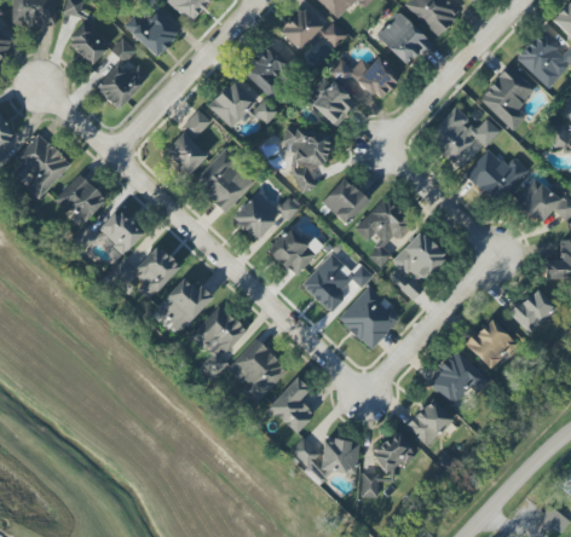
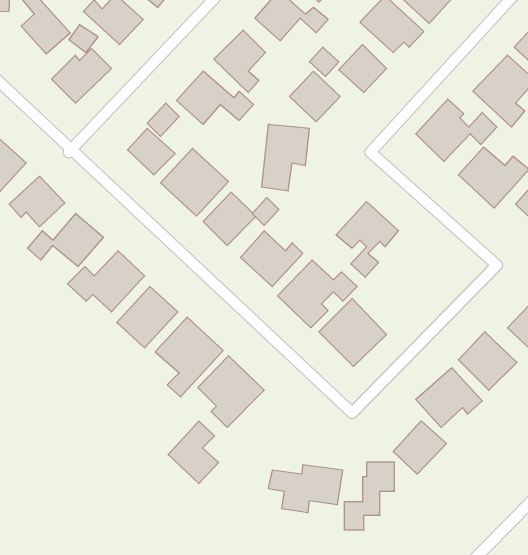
building: [322,177,369,224] -> none
building: [390,230,446,299] -> none
building: [269,376,315,433] -> [168,421,219,484]

